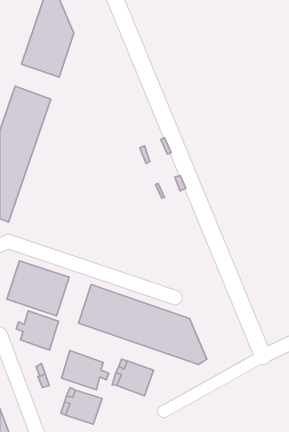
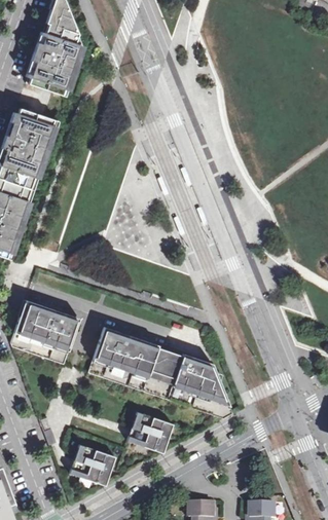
building: [16,311,58,350] -> none
building: [62,351,109,390] -> none

